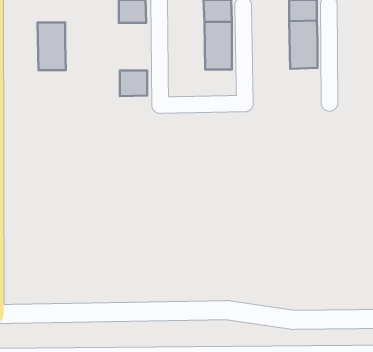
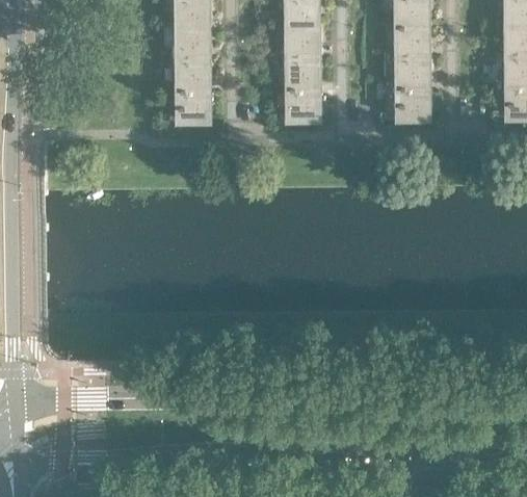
building: [38,23,66,70] -> [174,30,210,91]
building: none -> [394,88,429,122]
building: none -> [285,90,319,123]

